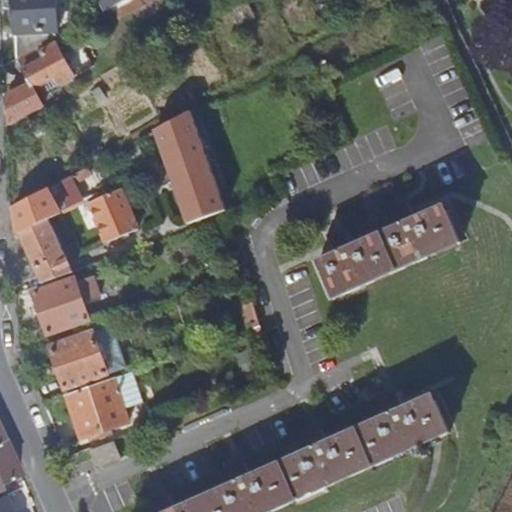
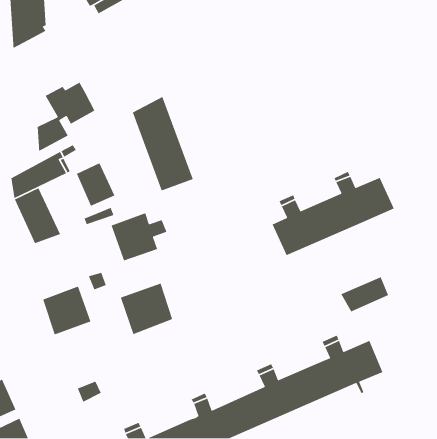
building: [4,42,72,124] -> [37,82,96,152]
building: [32,277,98,334] -> [111,212,167,261]
building: none -> [340,276,389,313]
building: [64,377,126,438] -> [120,283,173,335]

